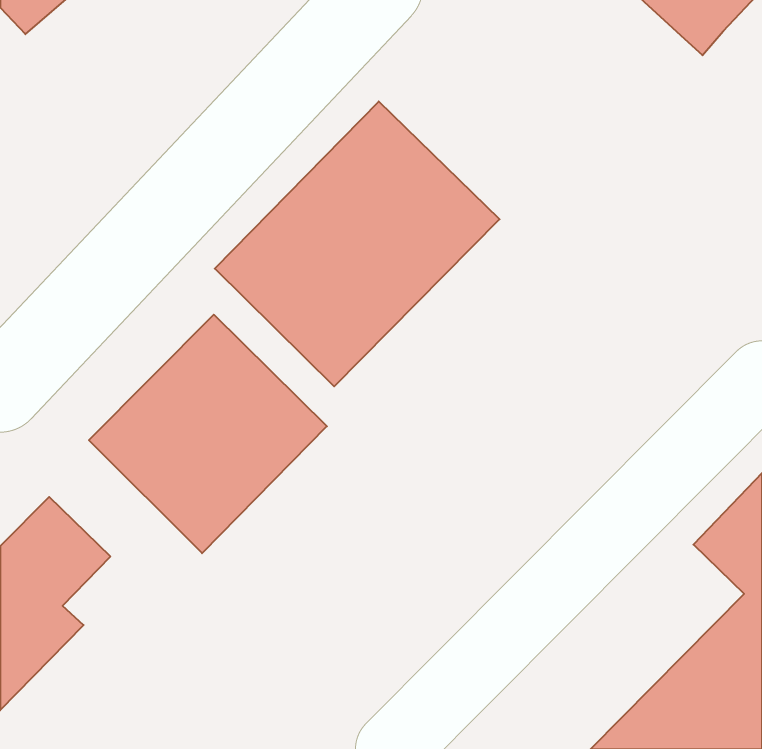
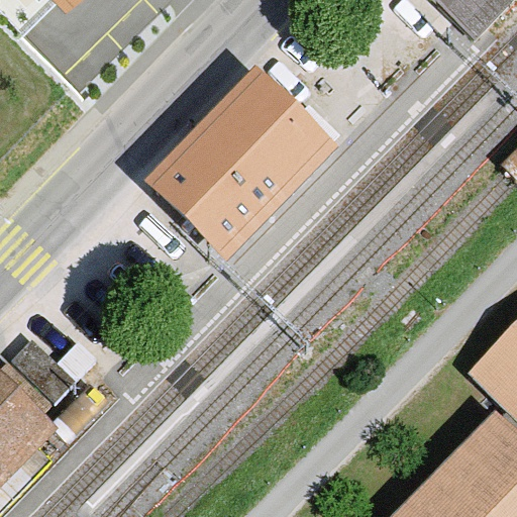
building: [89,315,327,553] -> none

